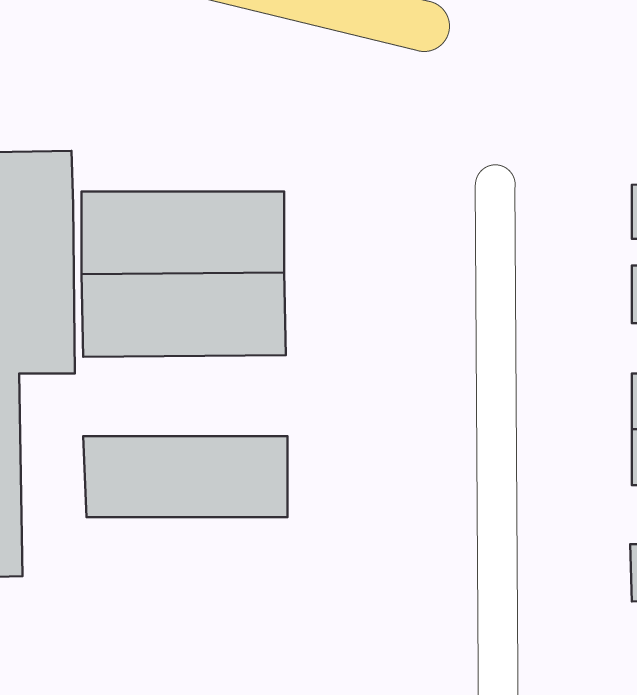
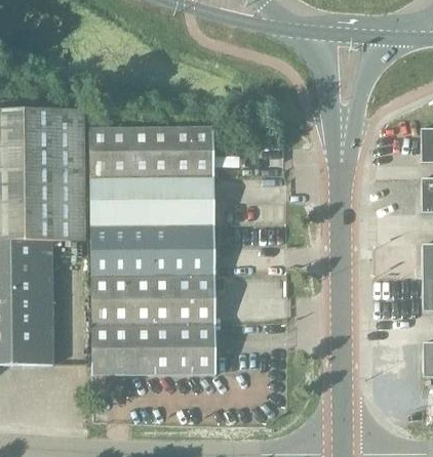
building: none -> [90,230,214,279]
building: none -> [92,328,215,375]

